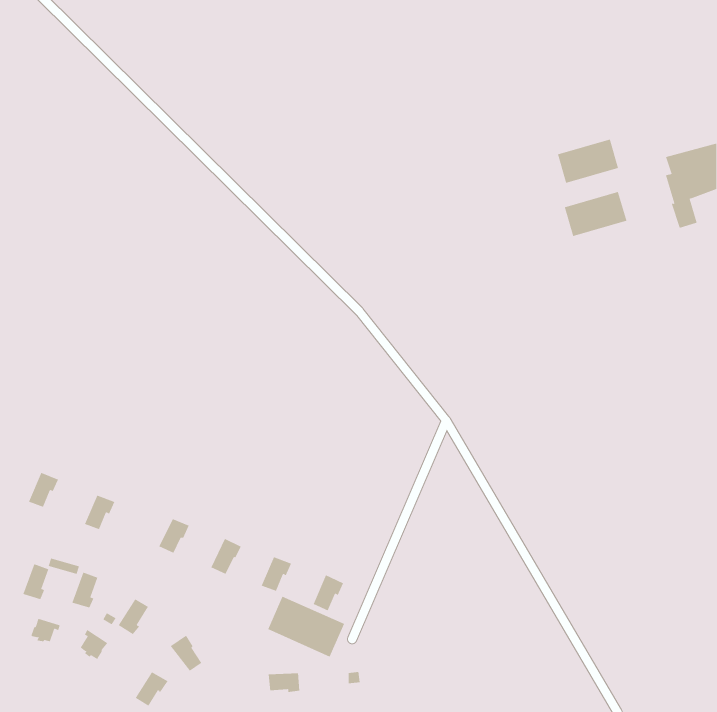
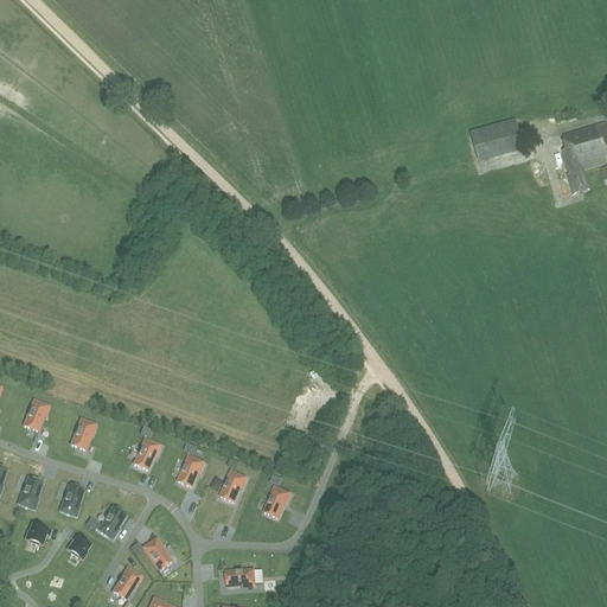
building: [564,191,627,237] -> none
building: [267,596,345,657] -> none

